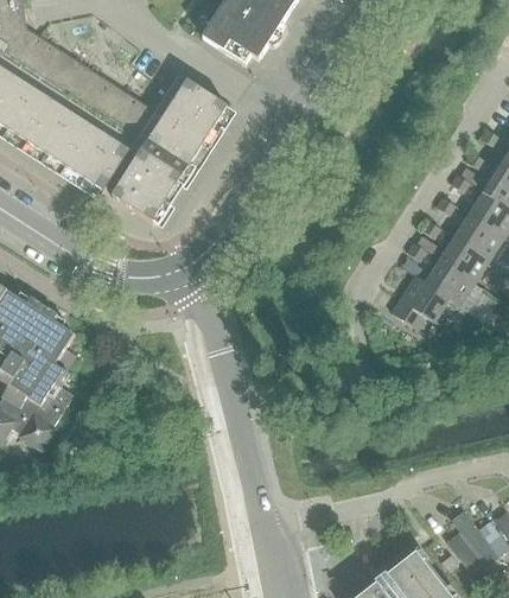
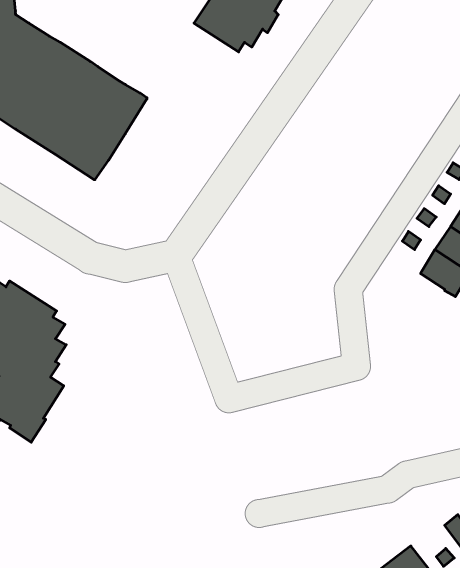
building: [112,79,235,228] -> none
building: [390,275,447,330] -> none

